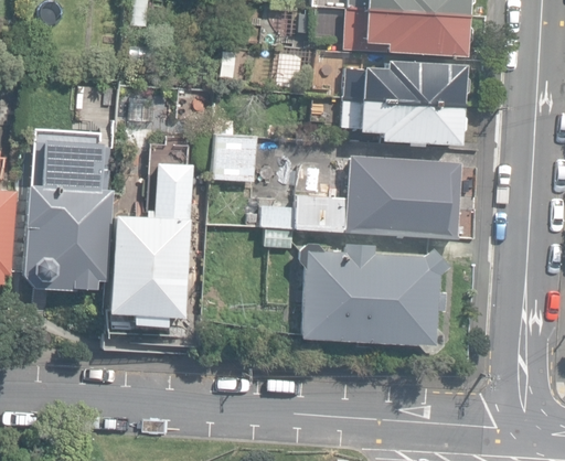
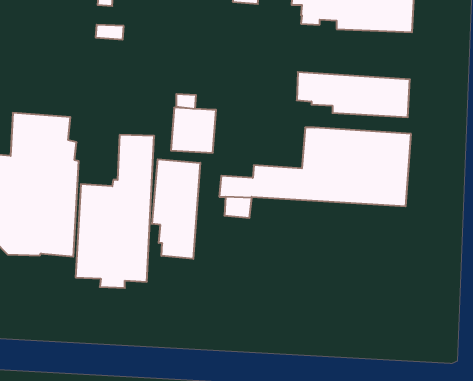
building: [343,61,463,105] -> none
building: none -> [152,159,200,259]
building: [300,244,449,352] -> none

